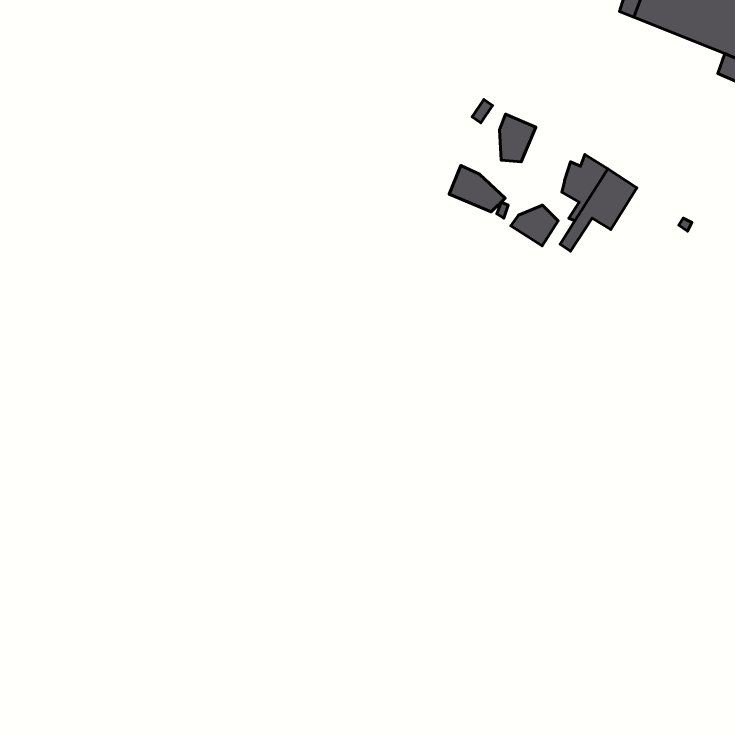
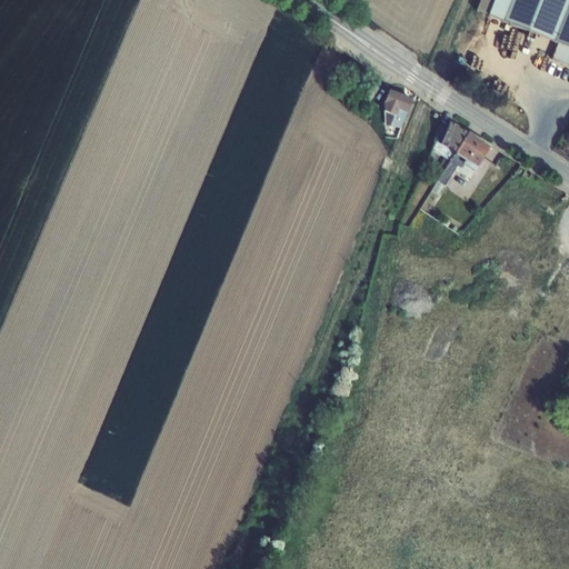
building: [449,166,505,212] -> none
building: [511,205,558,246] -> none

